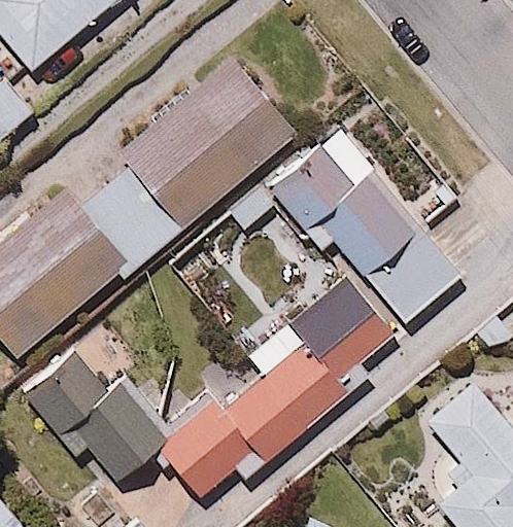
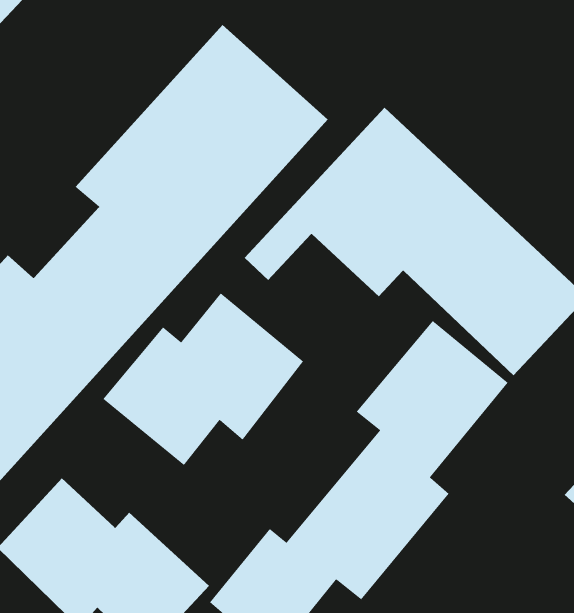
building: none -> [103,293,304,466]

